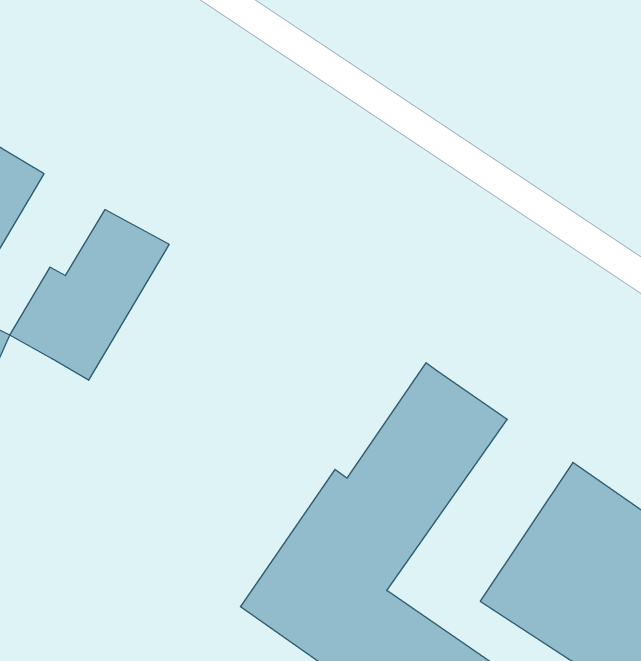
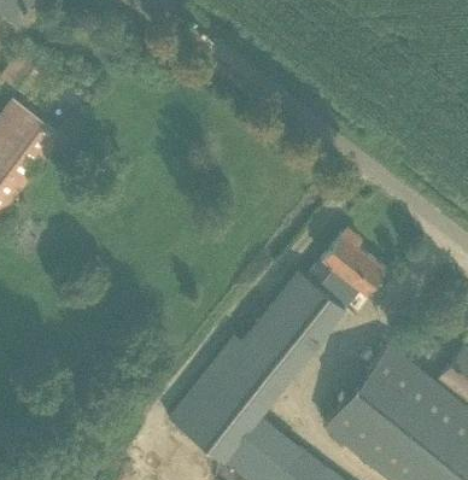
building: [10,210,169,380] -> none
building: none -> [305,229,386,312]

